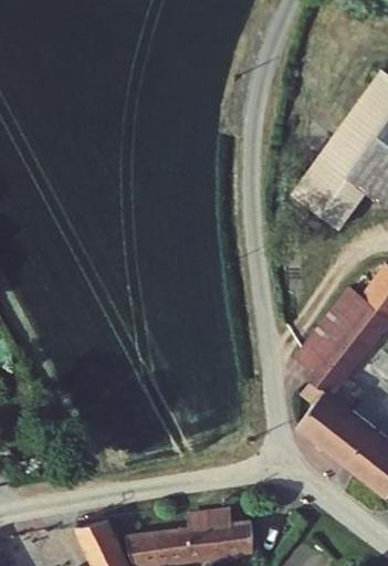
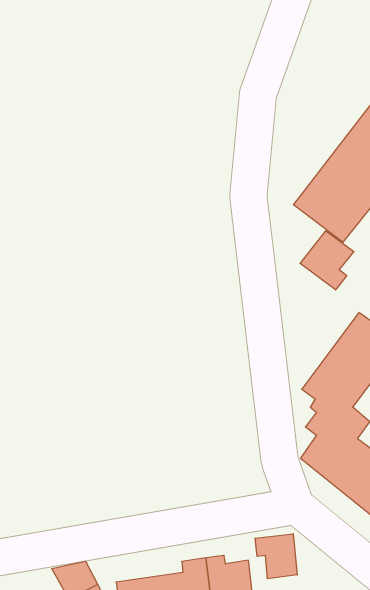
building: none -> [300,231,354,290]
building: none -> [255,534,297,579]

